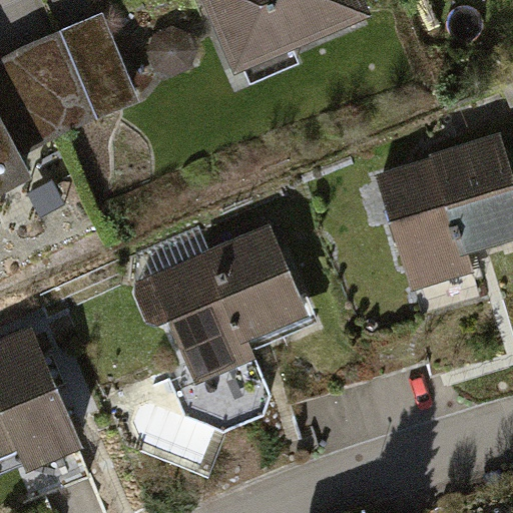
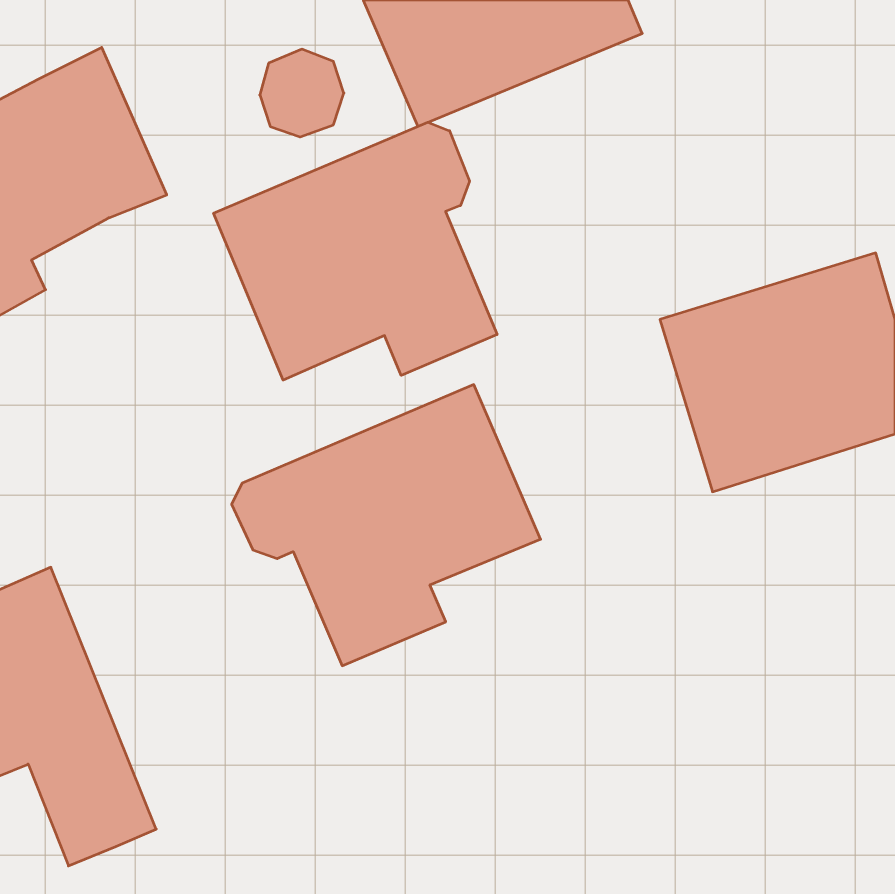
building: [58,11,137,113] -> none
building: none -> [214,122,497,380]

